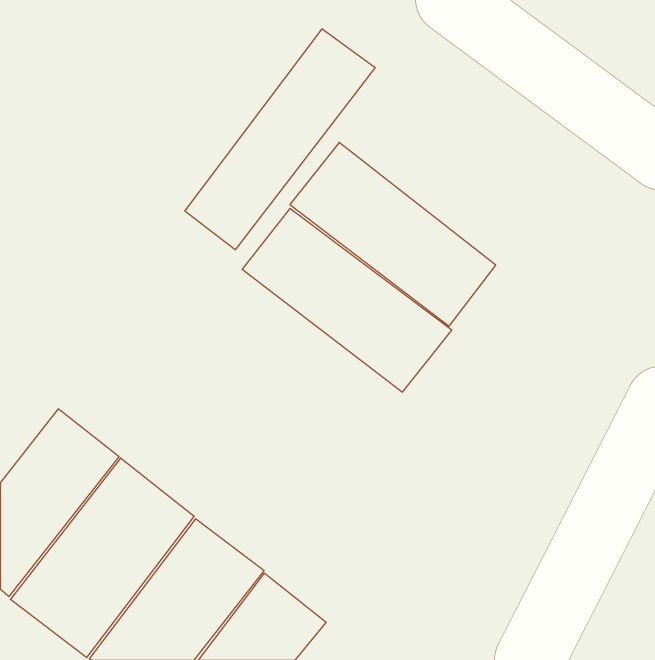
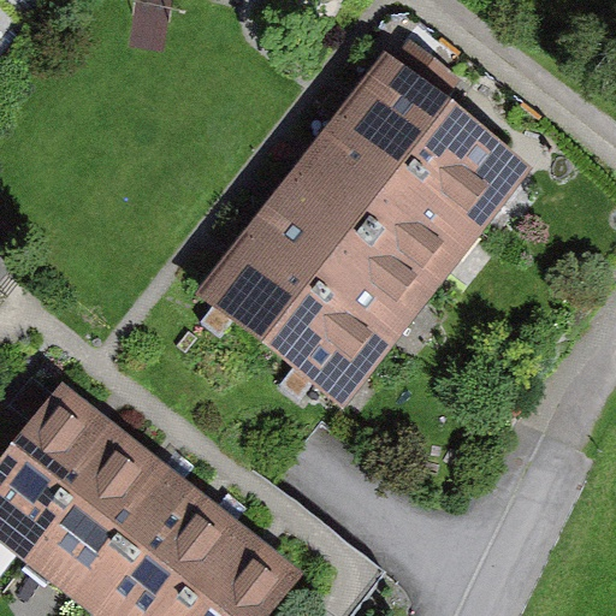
building: [185,29,375,250] -> none
building: none -> [319,46,517,242]
building: none -> [180,253,379,428]

